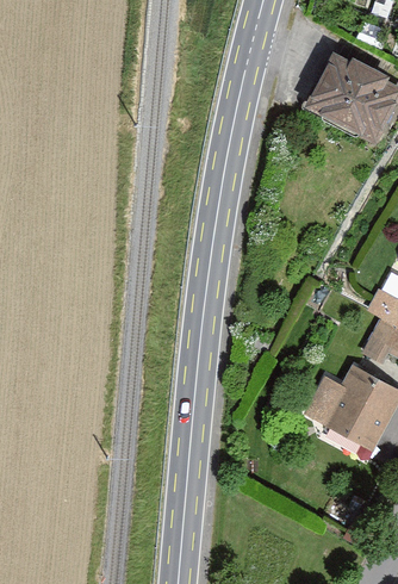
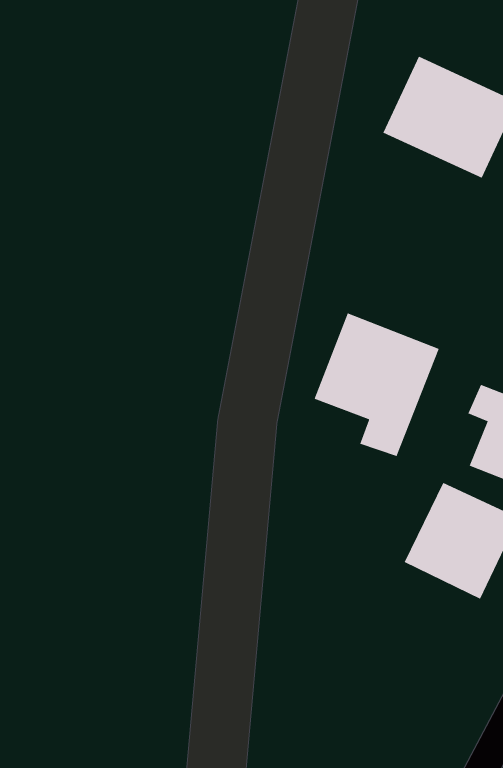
building: none -> [314,312,439,457]

